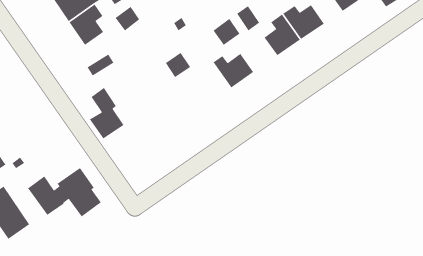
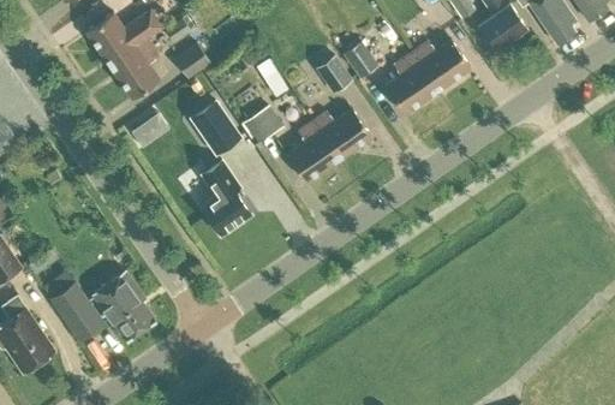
building: none -> [191,100,240,153]
building: none -> [287,121,339,181]
building: [89,87,125,139] -> [201,160,251,234]

